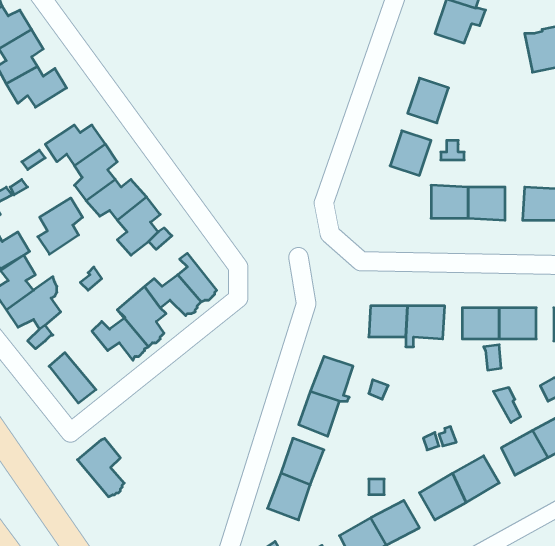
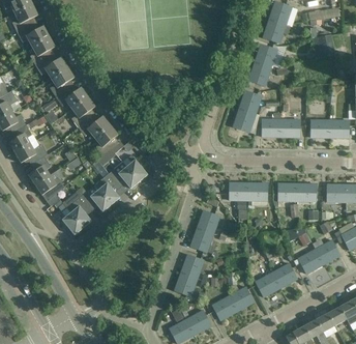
building: none -> [255,42,284,66]
building: none -> [233,108,259,134]
building: [38,198,83,254] -> [50,66,73,96]
building: [77,438,124,497] -> [66,196,91,227]

